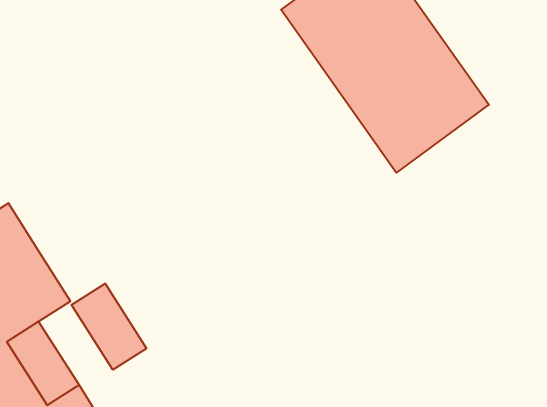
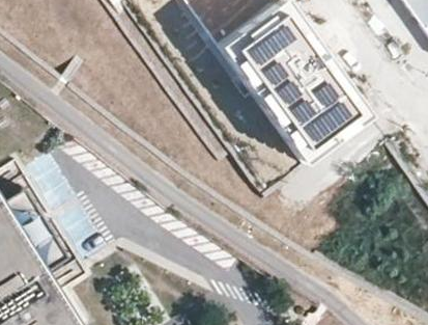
building: [72,283,146,370] -> none

